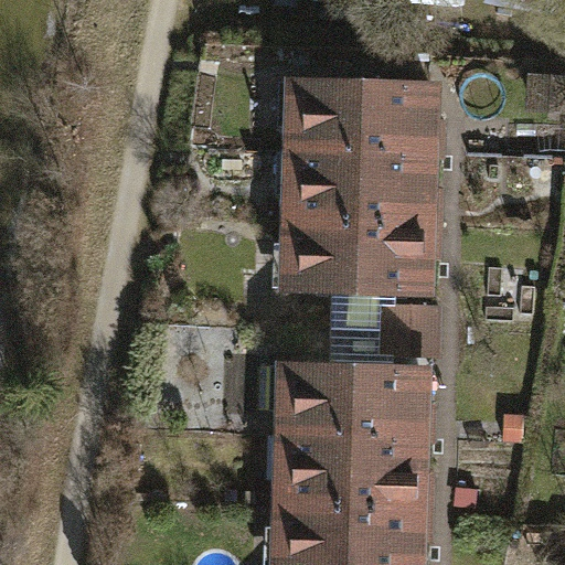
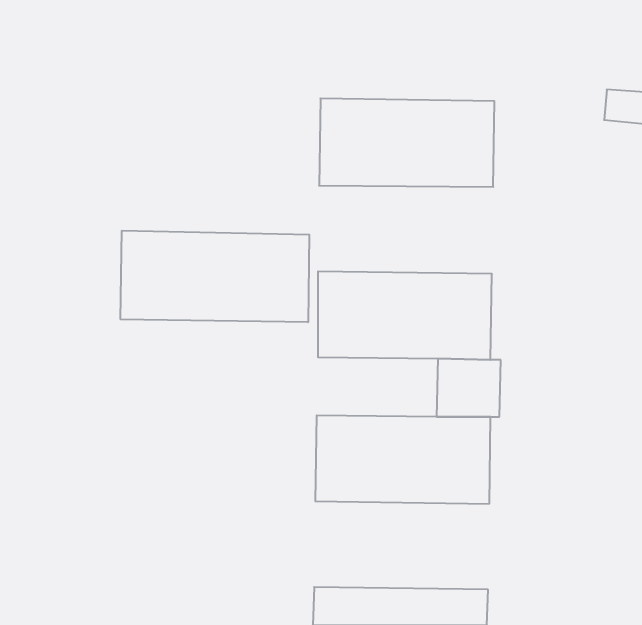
building: [280,162,434,239] -> none
building: none -> [121,231,309,322]
building: [277,438,430,515] -> none

